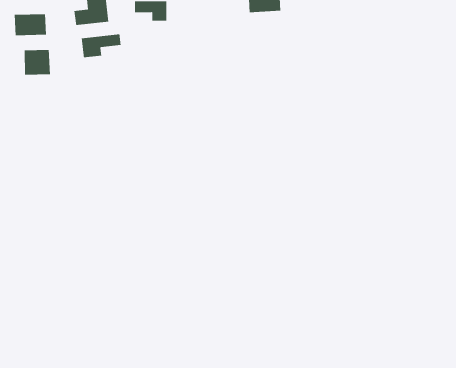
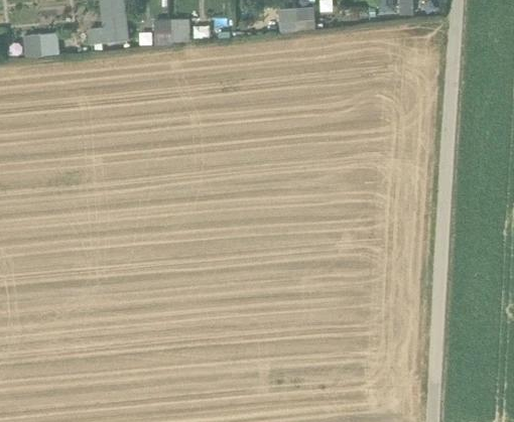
building: [81,34,121,58] -> none
building: [24,49,50,75] -> none

